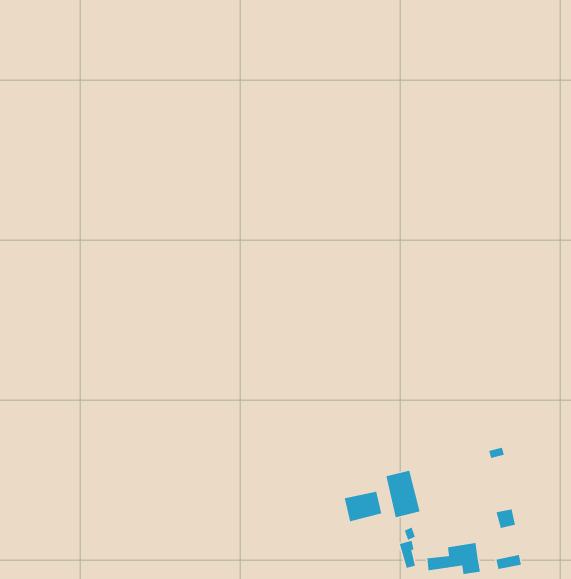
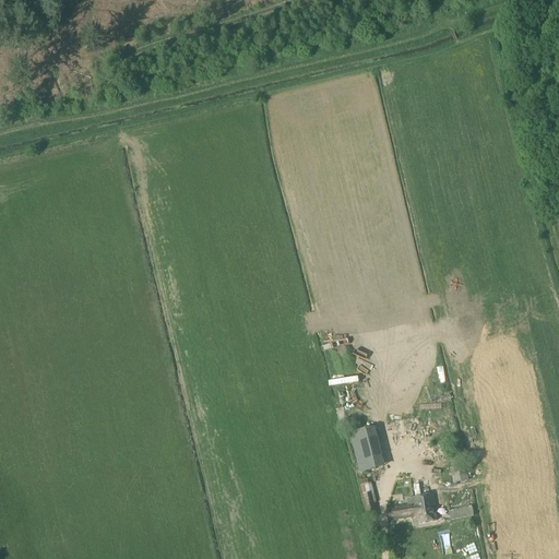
building: [344,491,382,522] -> none

